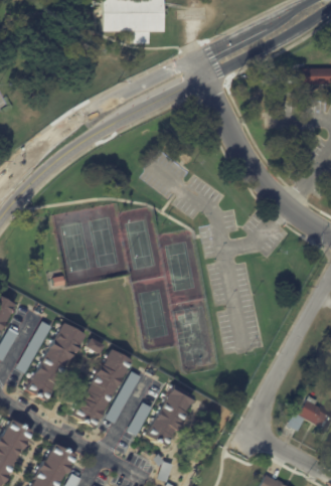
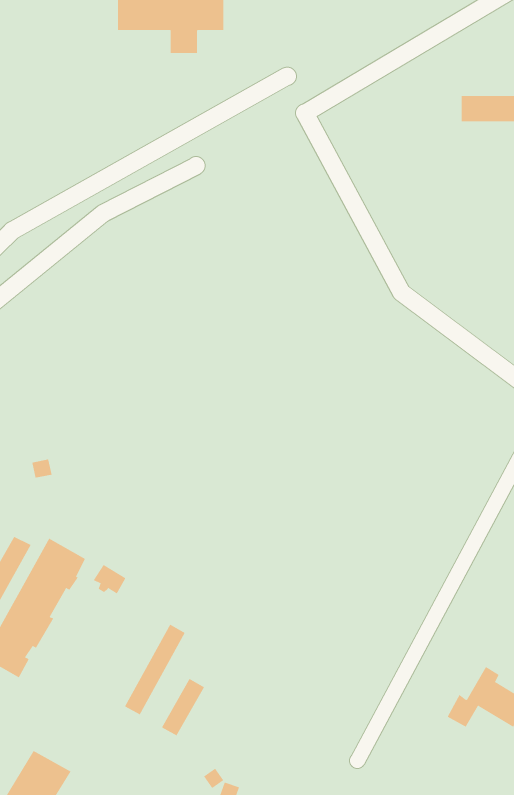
building: [72,349,132,428] -> none
building: [145,384,193,446] -> none

